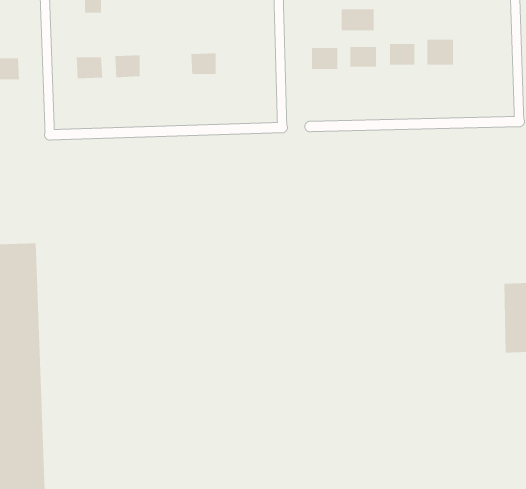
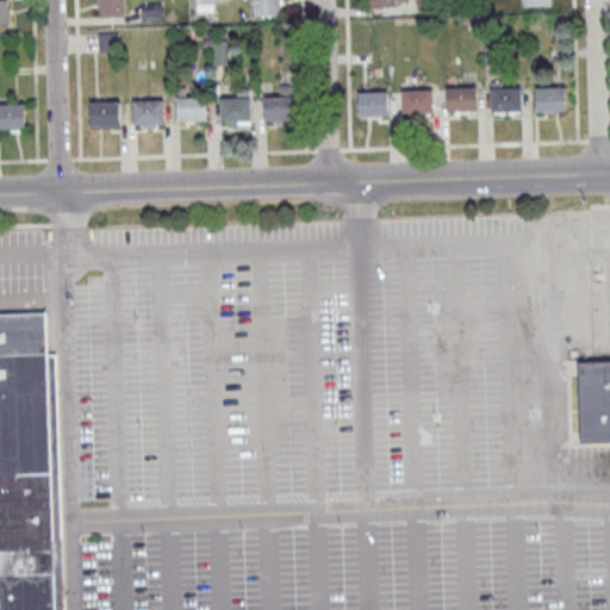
building: [341,9,374,31] -> none
building: none -> [535,87,565,113]
building: none -> [175,97,206,123]
building: none -> [263,97,293,122]

